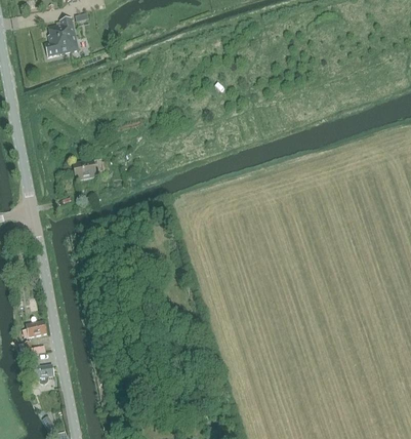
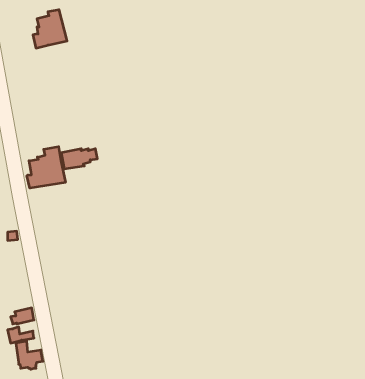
building: none -> [27,147,65,188]

